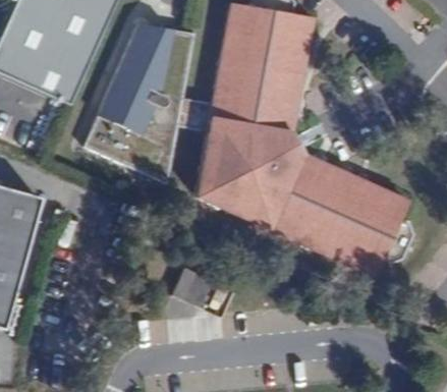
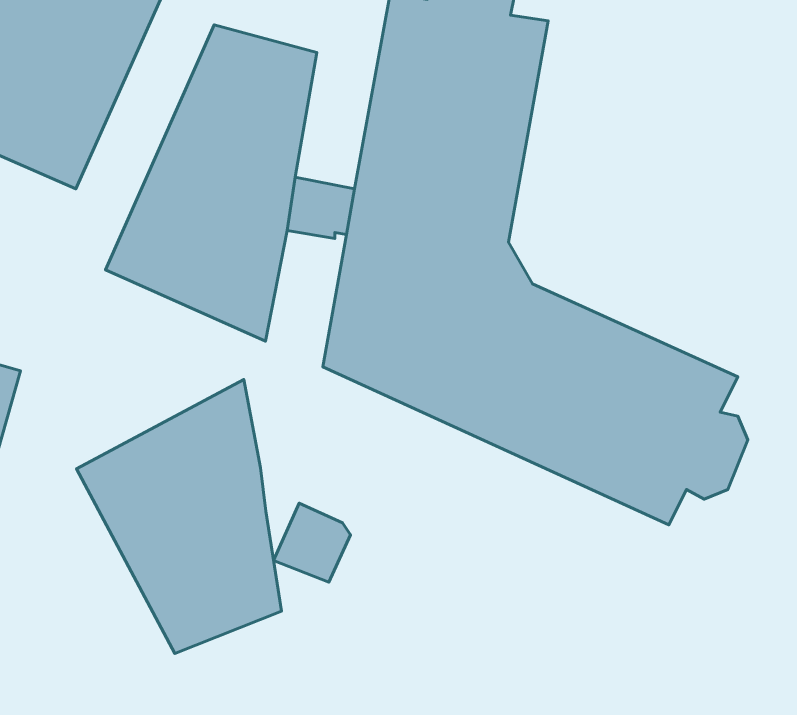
building: none -> [76,379,281,654]

